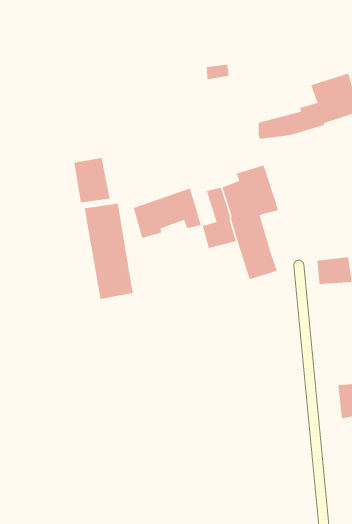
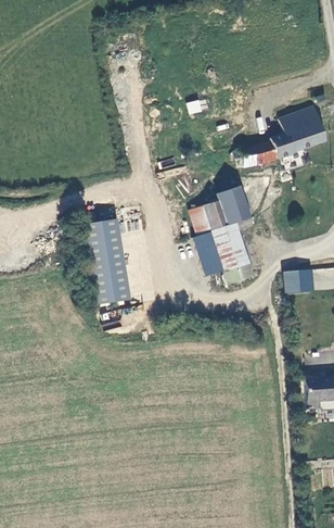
building: [74,157,110,203] -> none
building: [133,188,202,239] -> none

